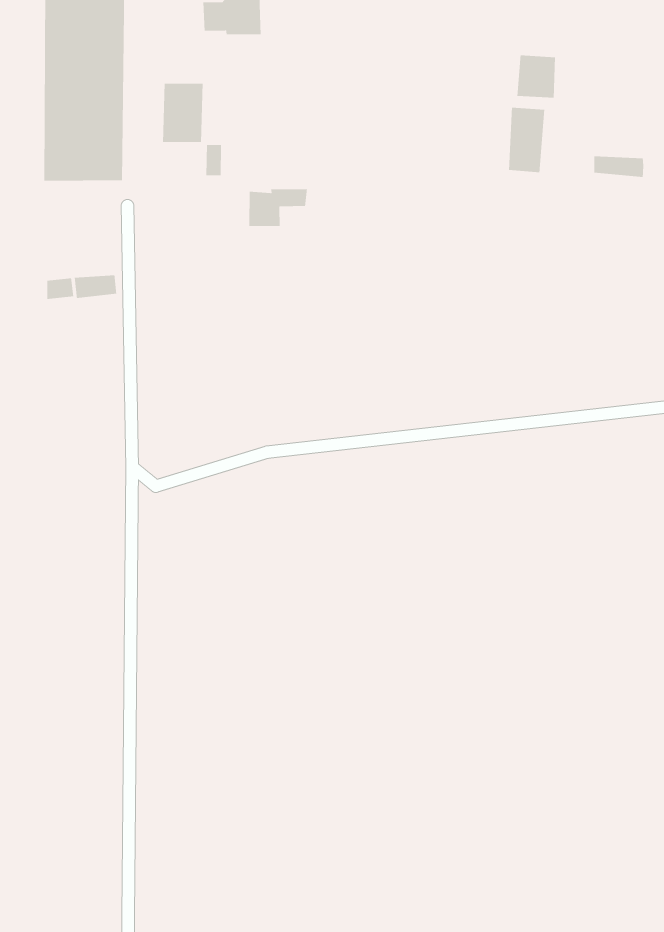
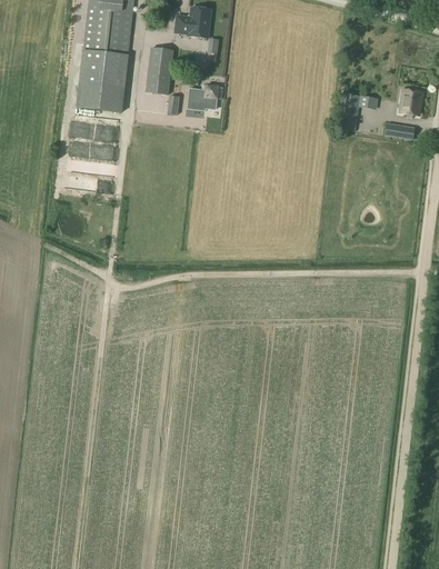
building: [517,55,556,98] -> [399,88,423,114]
building: [249,188,308,227] -> [188,84,223,107]

